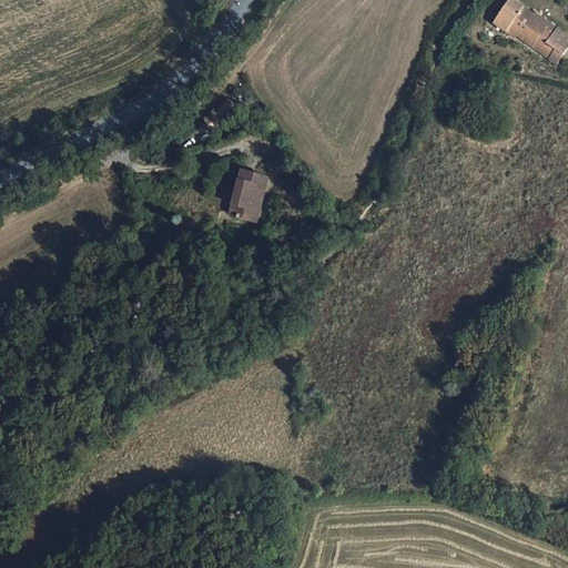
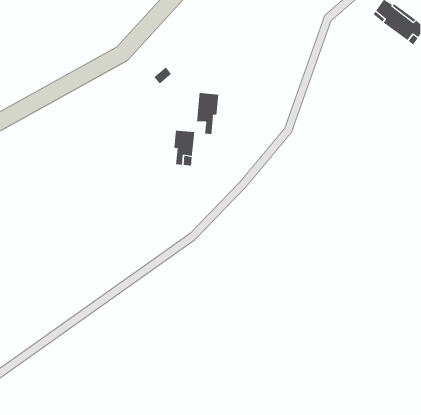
building: none -> [196,92,219,135]

